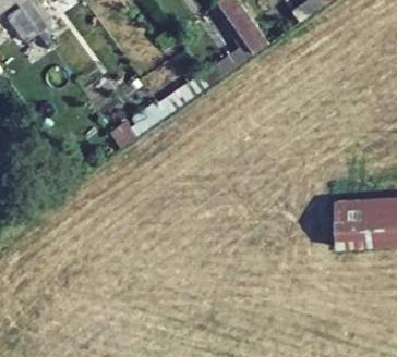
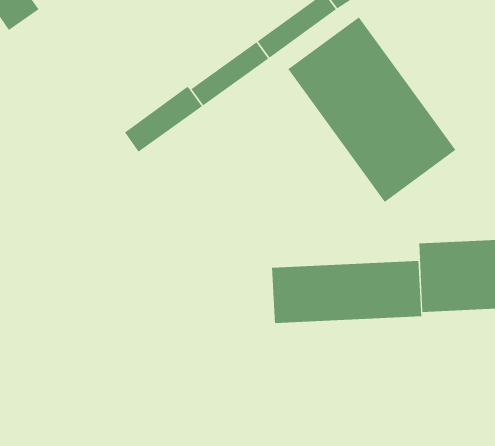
building: none -> [287,17,456,203]
building: none -> [272,260,422,324]

